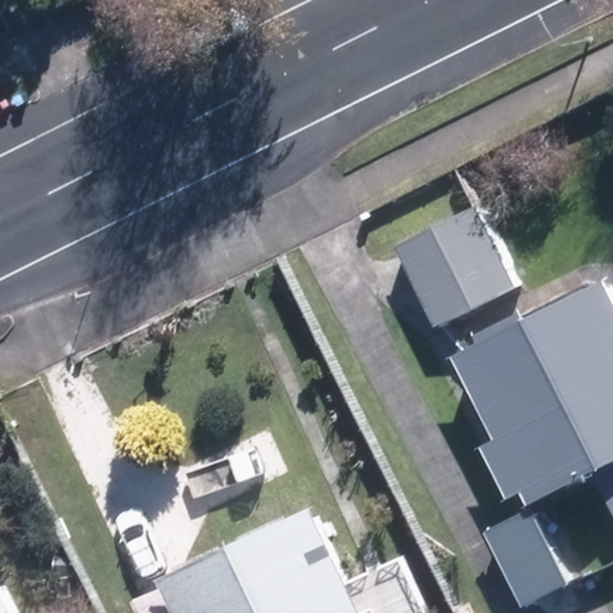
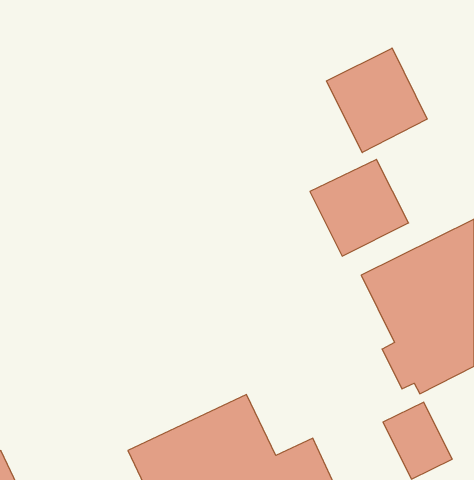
building: none -> [327,48,427,153]

